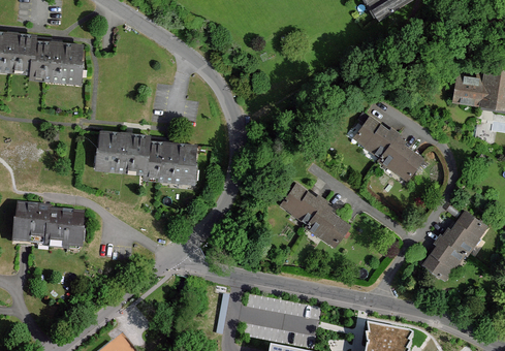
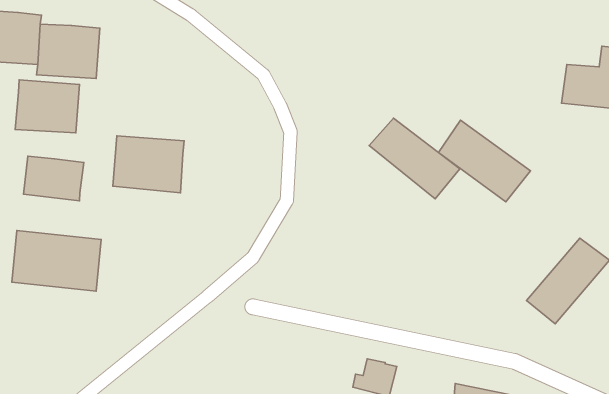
building: none -> [15,80,80,133]
building: [146,142,197,183] -> none
building: none -> [24,156,84,201]
building: [280,184,352,248] -> [369,118,460,199]

